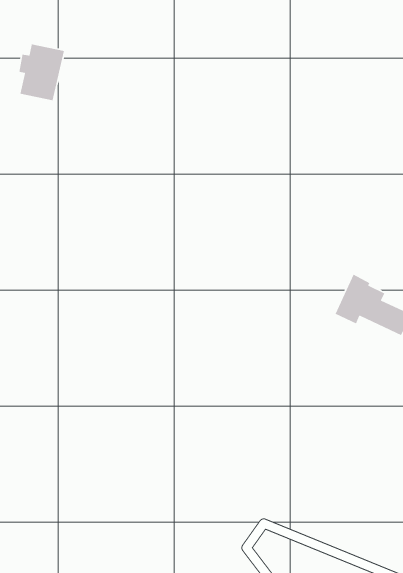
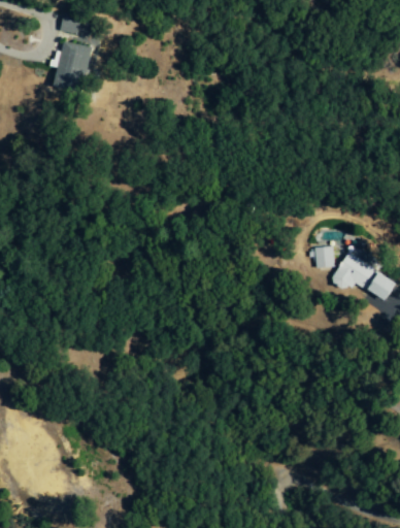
building: none -> [60,12,84,35]
building: none -> [308,248,334,268]

